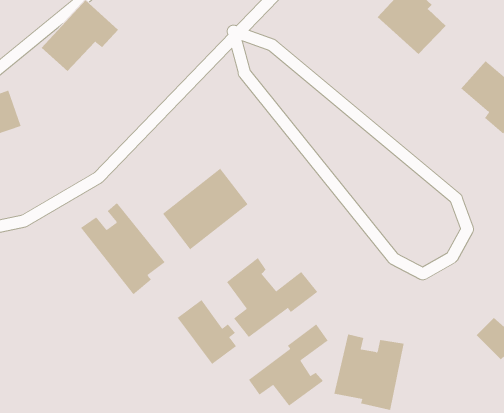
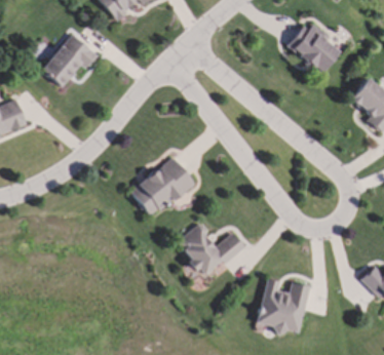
building: [80,202,165,295] -> none
building: [177,299,237,365] -> none
building: [248,323,328,406] -> none

